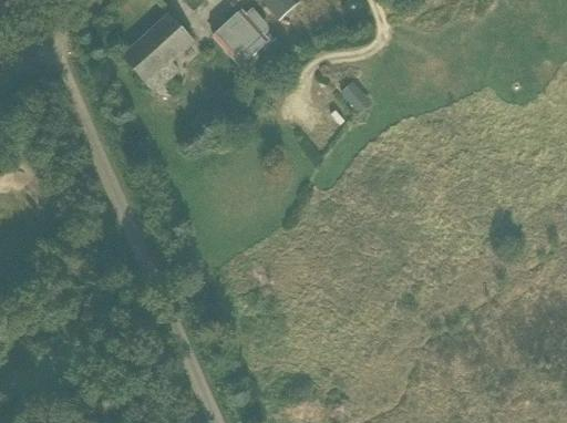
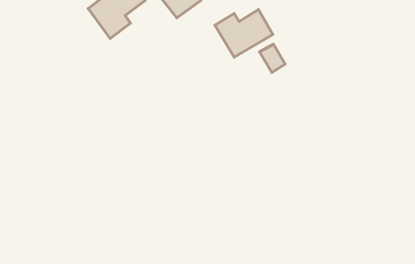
building: none -> [215,10,273,57]

